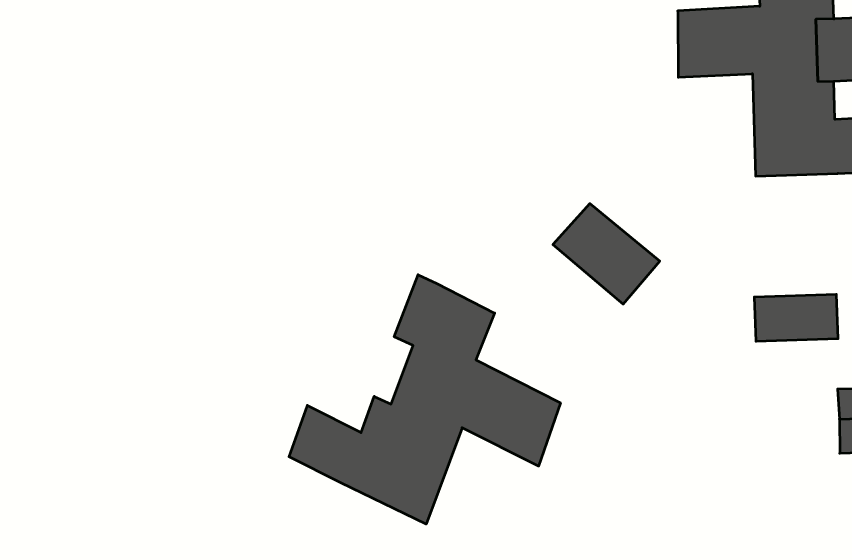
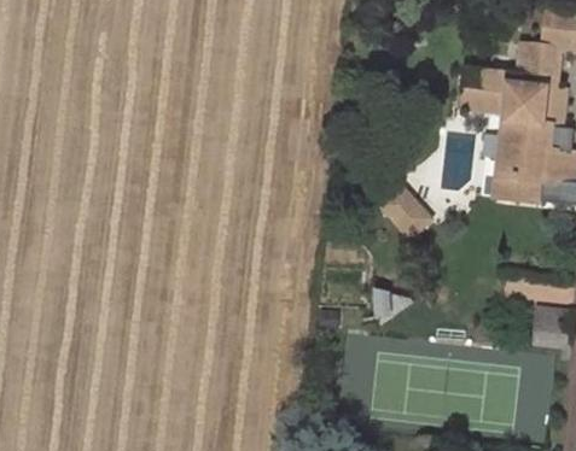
building: [289,275,560,524] -> none
building: [754,294,838,341] -> [494,174,546,205]

